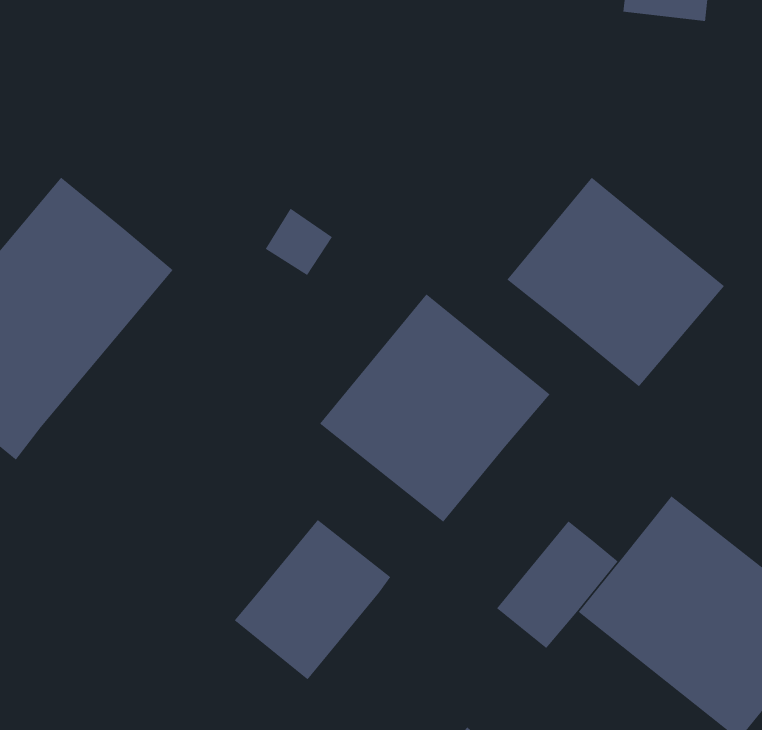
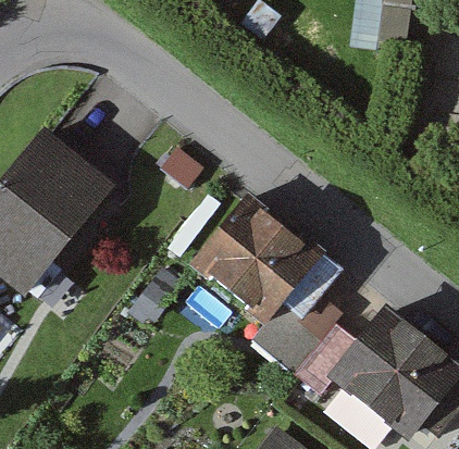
building: [506,177,725,387] -> none
building: [234,519,391,680] -> [248,282,336,372]

